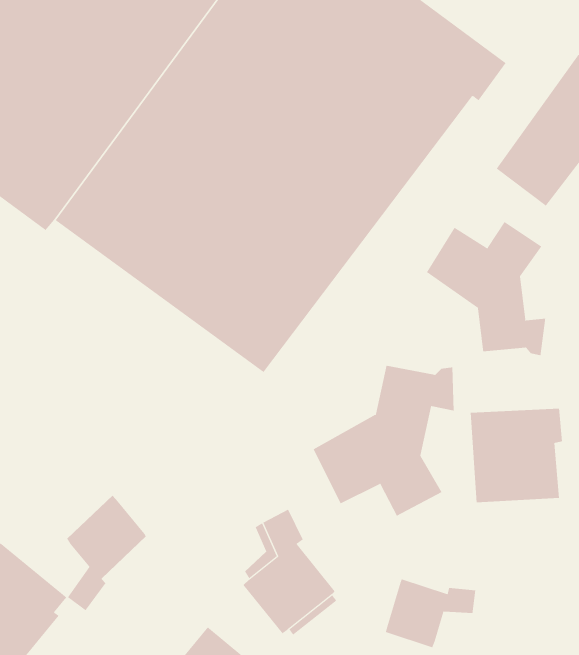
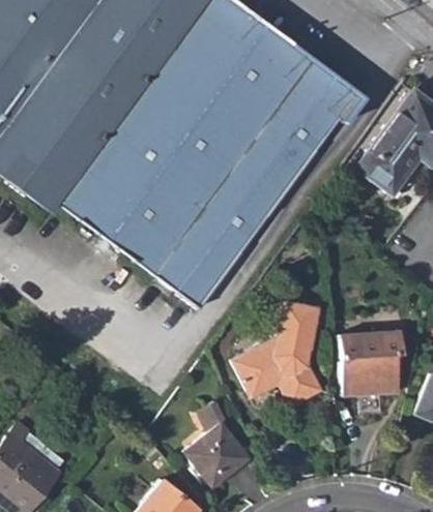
building: [426,221,546,356] -> none
building: [67,495,147,611] -> none
building: [385,579,476,648] -> none

